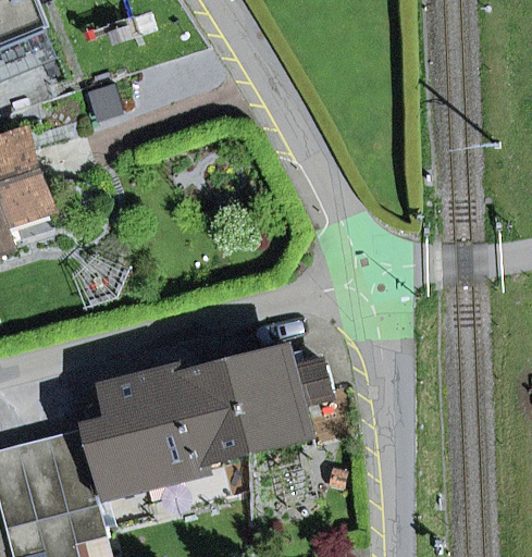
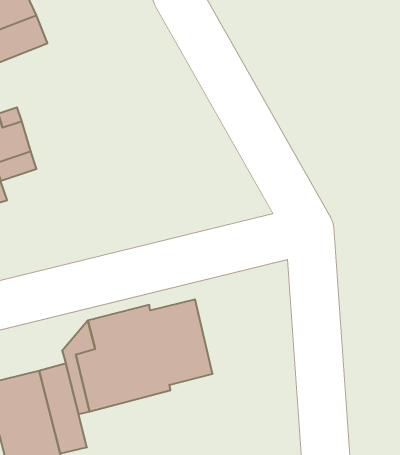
building: [237,350,334,451] -> none

